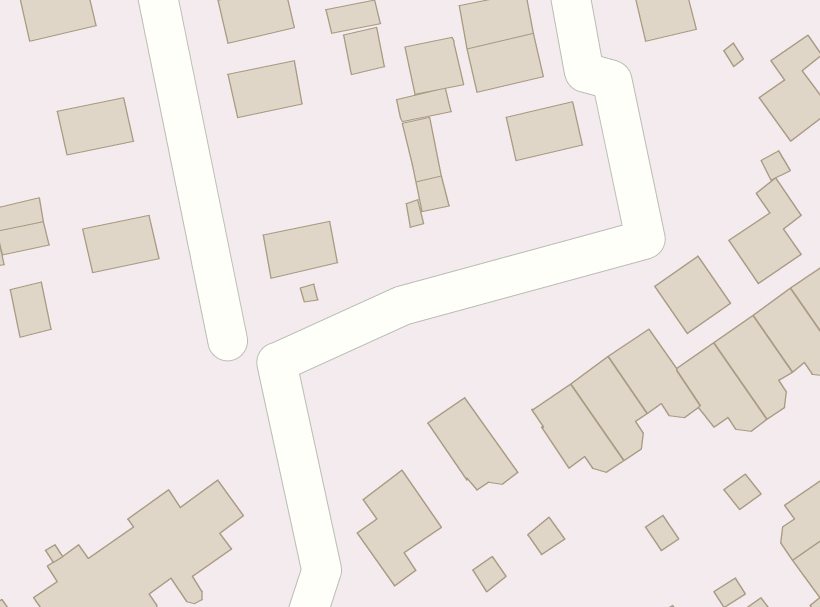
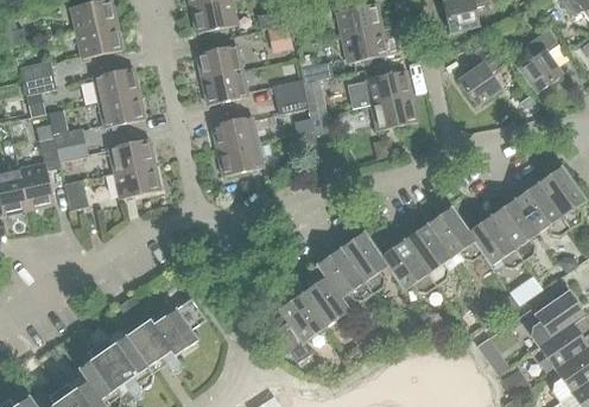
building: none -> [76,21,122,57]
building: [405,37,464,94] -> [272,77,308,112]
building: none -> [202,69,247,103]
building: none -> [99,91,145,126]
building: none -> [370,94,417,129]
building: [729,178,801,284] -> [457,40,501,104]
building: none -> [211,114,258,148]
building: [655,256,730,334] -> none
building: none -> [114,163,160,197]
building: none -> [340,229,387,292]
building: none -> [302,262,350,325]

